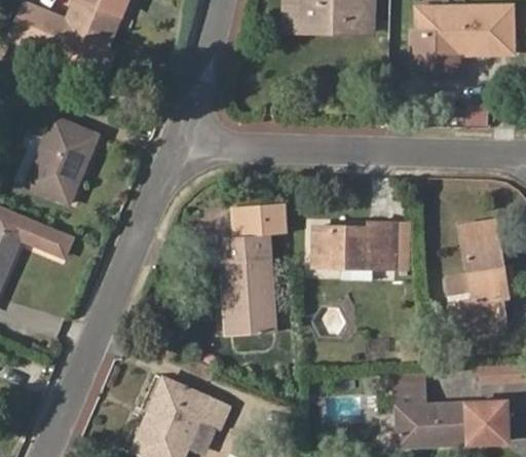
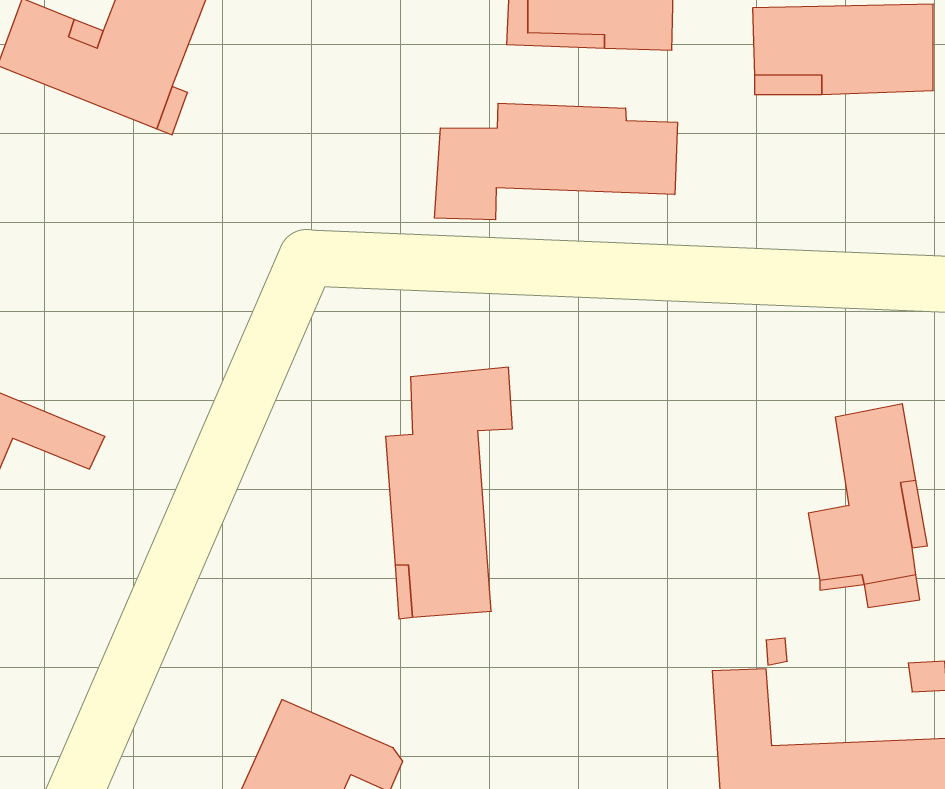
building: none -> [435,103,677,220]
building: [28,118,98,203] -> none
building: [315,223,396,267] -> none

